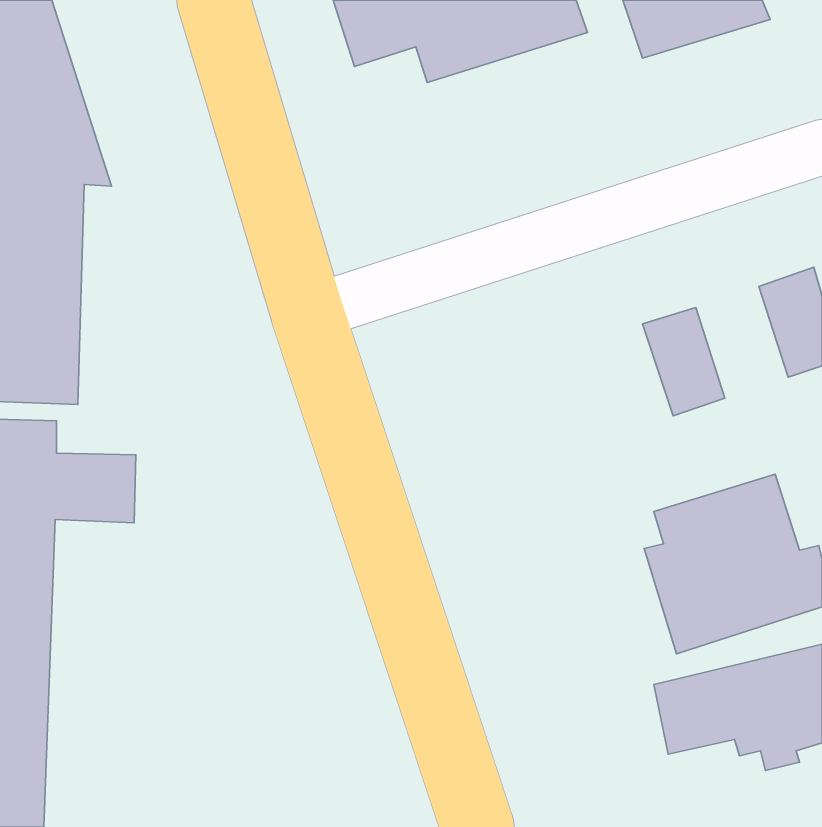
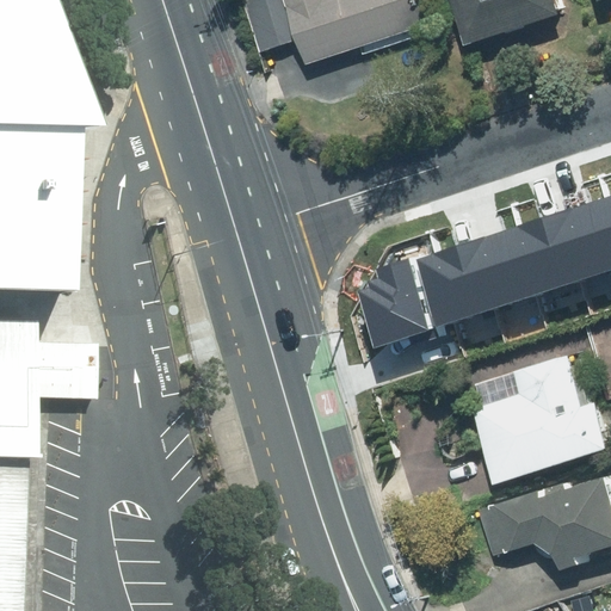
building: none -> [513,211,581,294]
building: none -> [411,239,496,326]
building: none -> [356,258,426,346]

